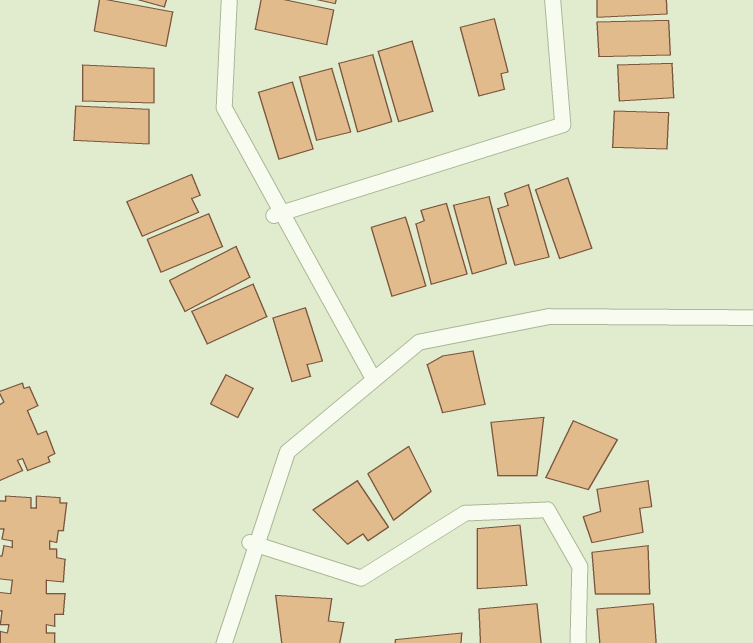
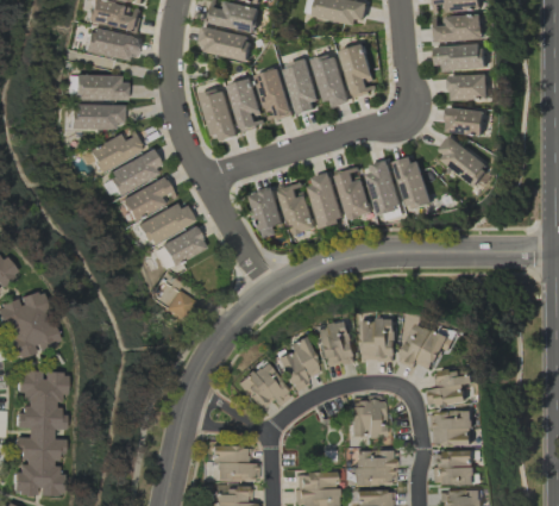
building: none -> [312,52,350,108]
building: none -> [88,132,142,171]
building: none -> [434,135,489,185]
building: [273,308,322,381] -> [249,187,283,238]
building: [427,351,485,413] -> [315,324,356,367]

